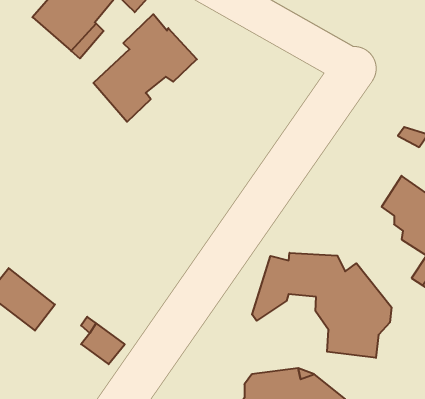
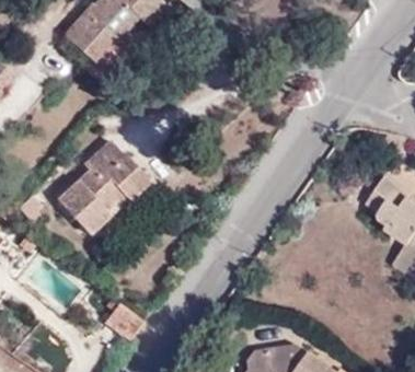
building: [93,14,197,122] -> [57,140,148,234]
building: [252,253,391,358] -> none

